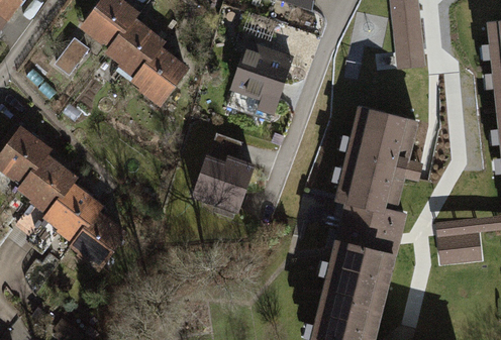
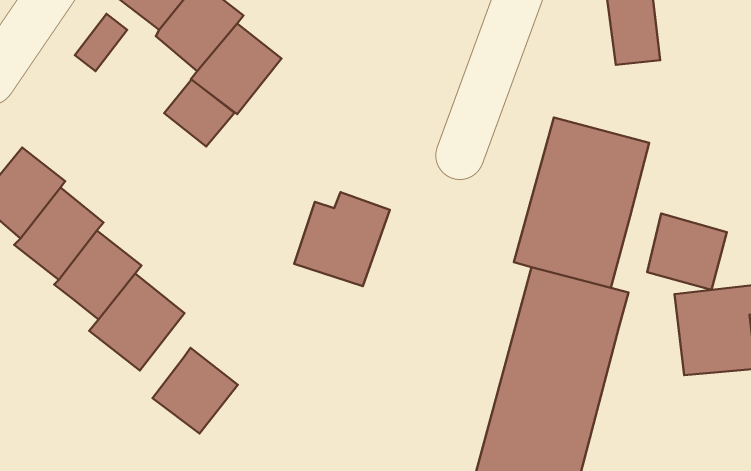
building: [228,43,293,121] -> none
building: none -> [164,80,235,147]
building: none -> [647,214,727,290]
building: none -> [152,348,238,434]

